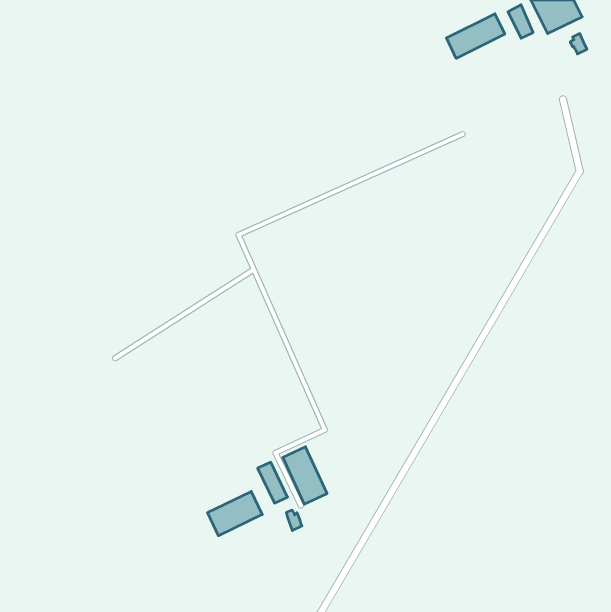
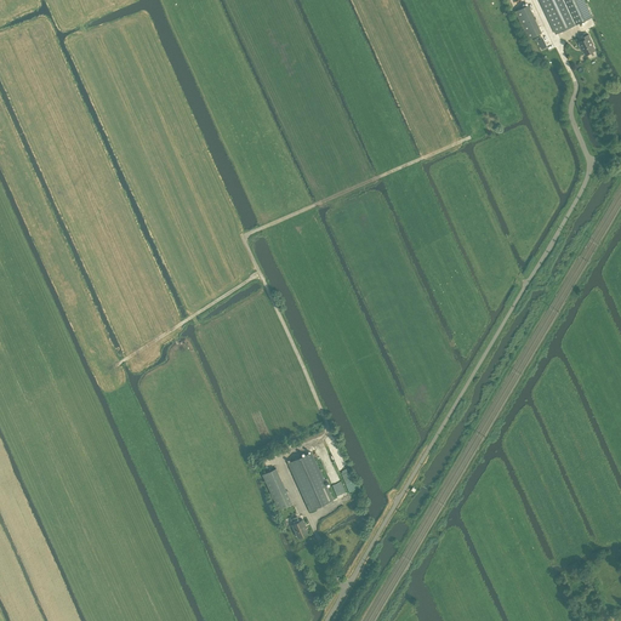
building: [446,14,505,58] -> none
building: [208,491,262,536] -> none

